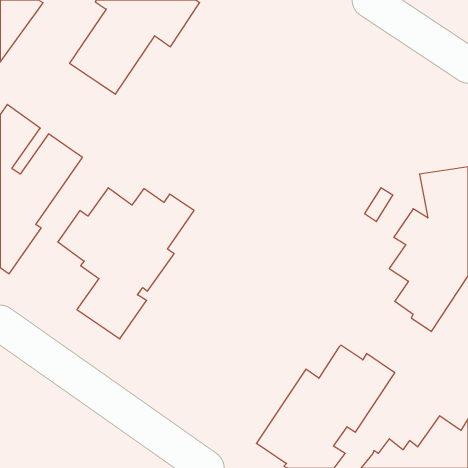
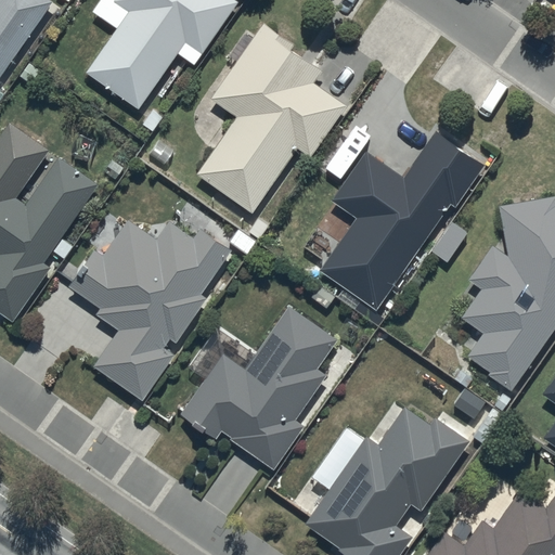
building: none -> [196,24,344,214]
building: none -> [318,131,483,310]
building: none -> [179,308,335,468]

